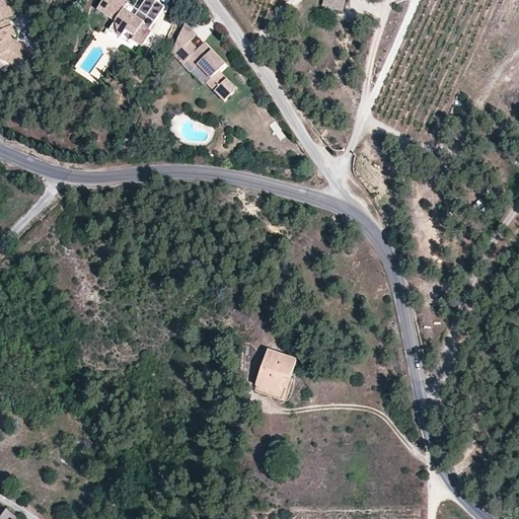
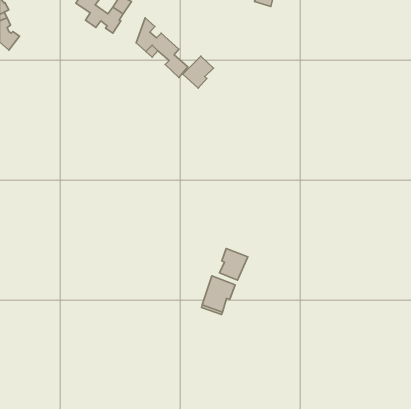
building: none -> [183,56,214,88]
building: none -> [219,249,248,280]

